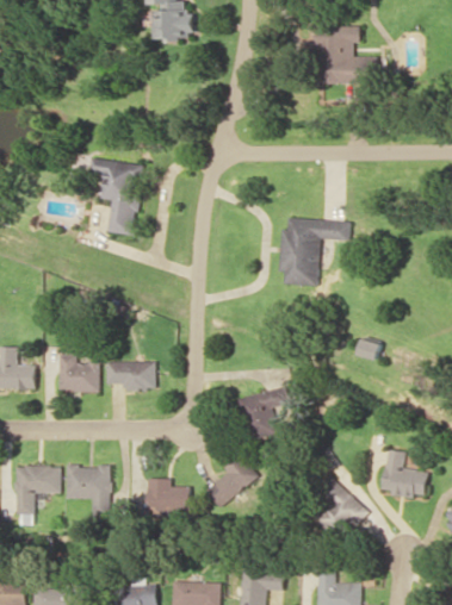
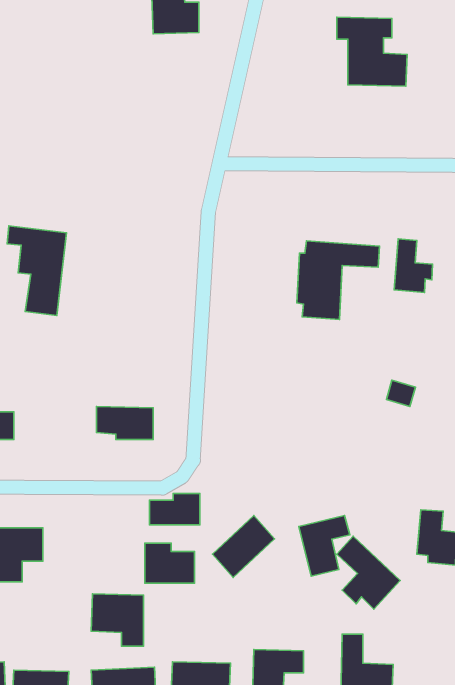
building: [89,158,141,236] -> [7,226,67,316]
building: none -> [394,239,432,293]
building: [56,355,97,392] -> none
building: [242,387,286,439] -> [299,516,350,576]
building: none -> [150,494,200,525]
building: [64,466,110,511] -> [91,594,143,646]

